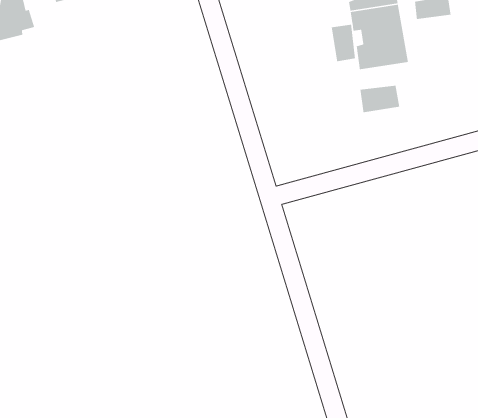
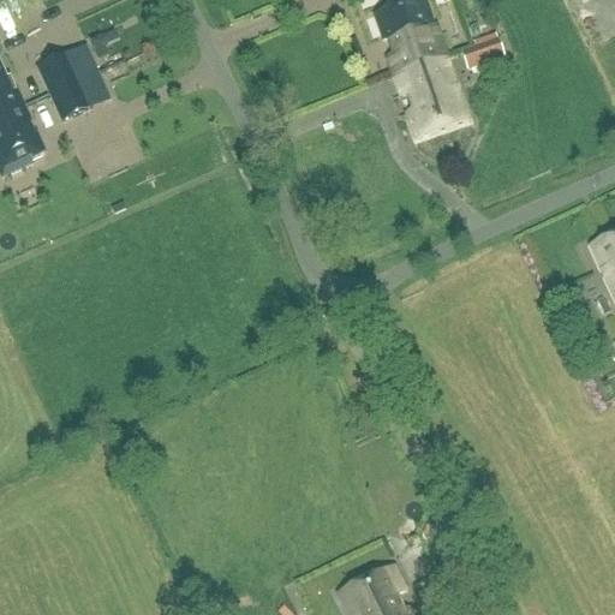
building: [331,24,356,62] -> none
building: [359,85,400,113] -> none

